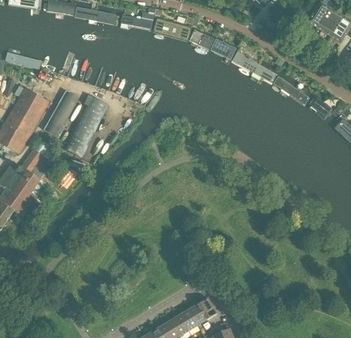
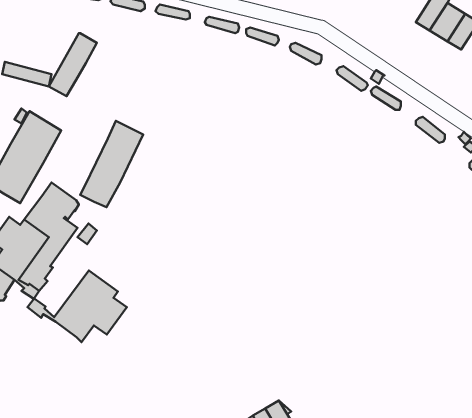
building: [43,91,78,137] -> [49,33,97,96]
building: none -> [27,270,127,342]

